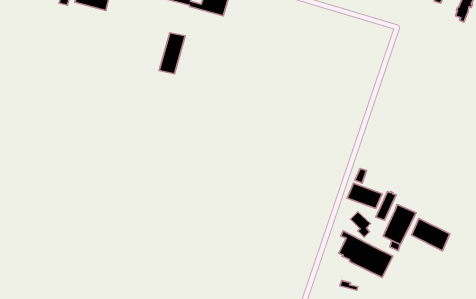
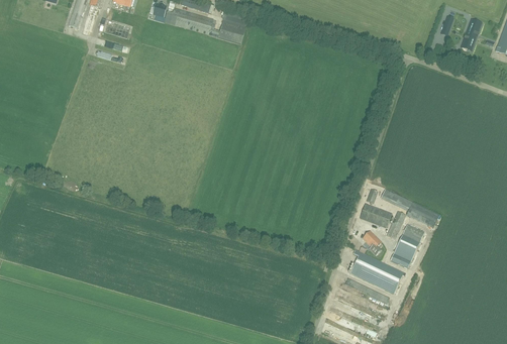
building: [159,33,185,74] -> none
building: [412,219,450,251] -> none

